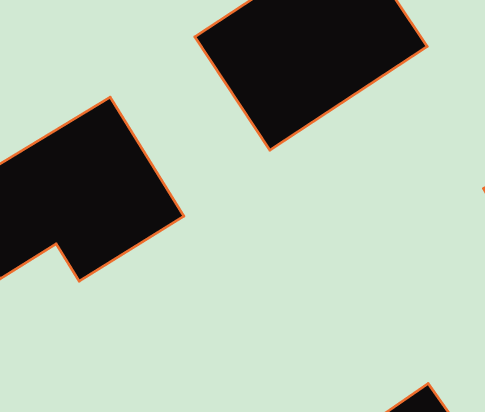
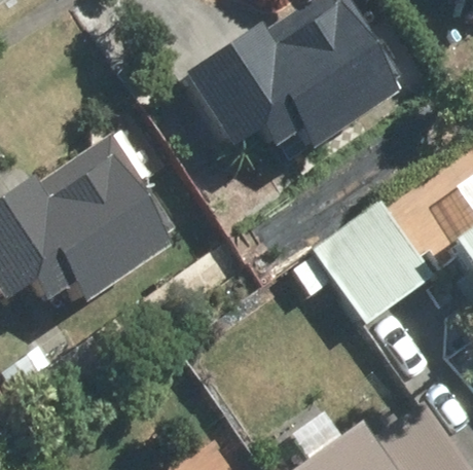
building: none -> [317,214,425,322]

